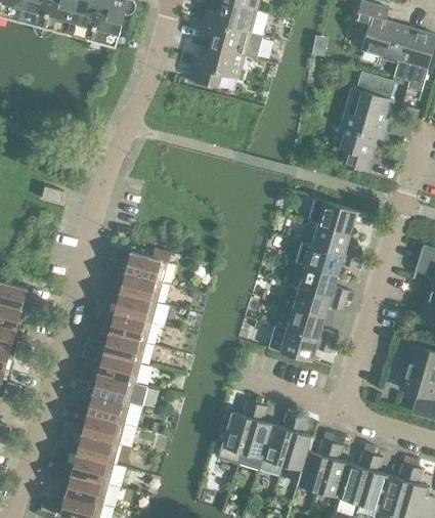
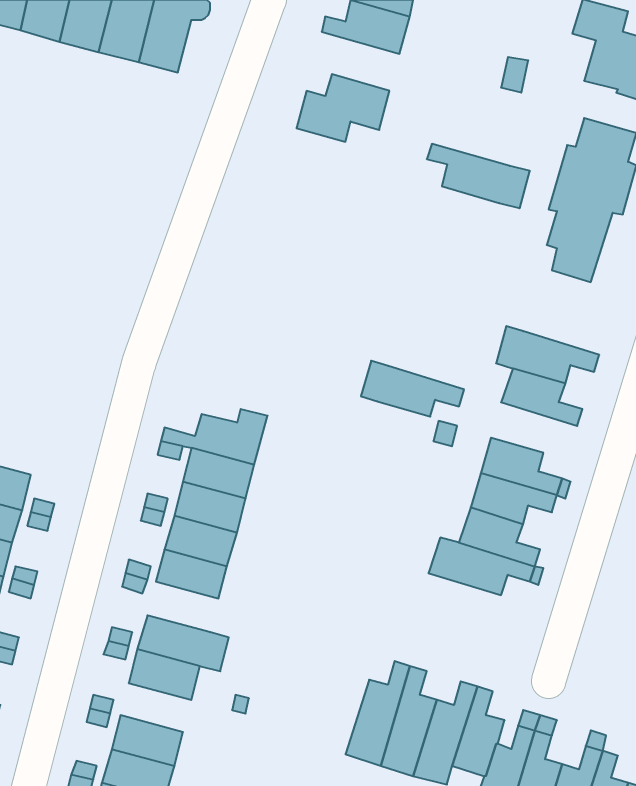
building: [200,19,262,58] -> [427,144,530,208]
building: [295,241,357,274] -> [361,361,464,417]
building: [97,352,140,383] -> none
building: [81,414,124,443] -> none

